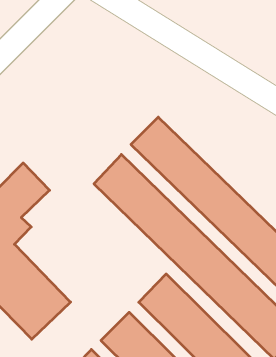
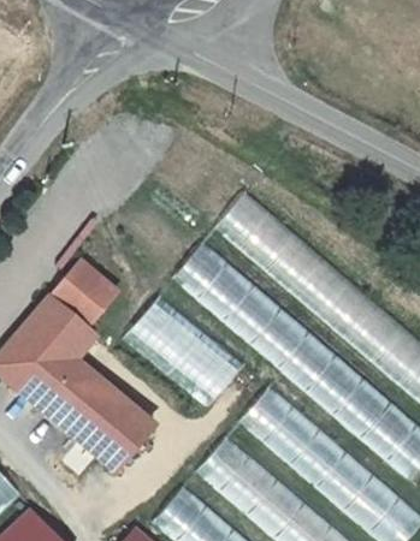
building: none -> [125,296,241,406]

